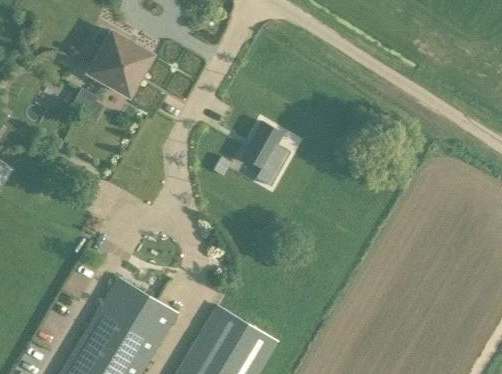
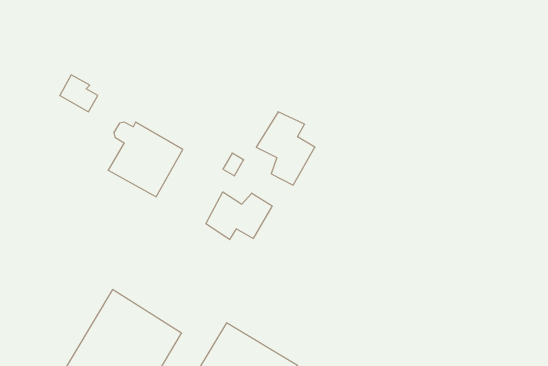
building: [87,32,152,97] -> [108,122,183,197]
building: none -> [206,192,272,240]

